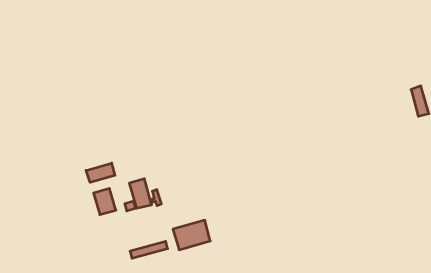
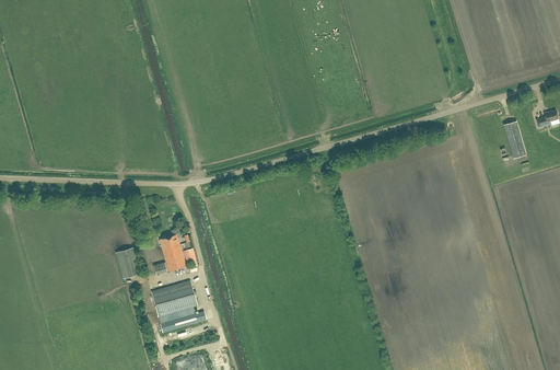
building: [86,163,115,182] -> none
building: [173,220,210,250] -> [151,280,197,316]

